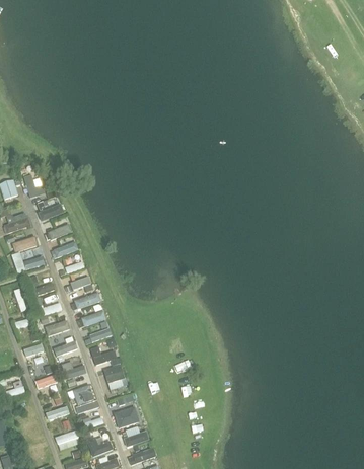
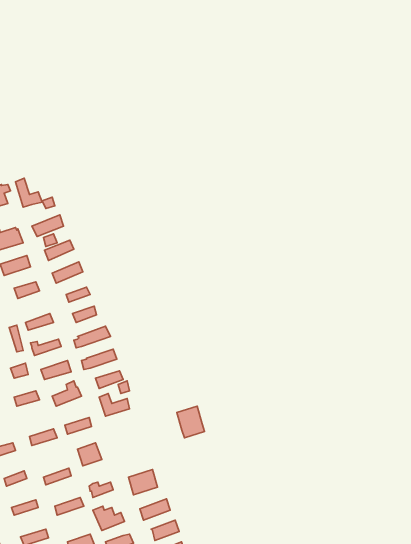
building: [102,364,125,389] -> [177,406,205,438]

